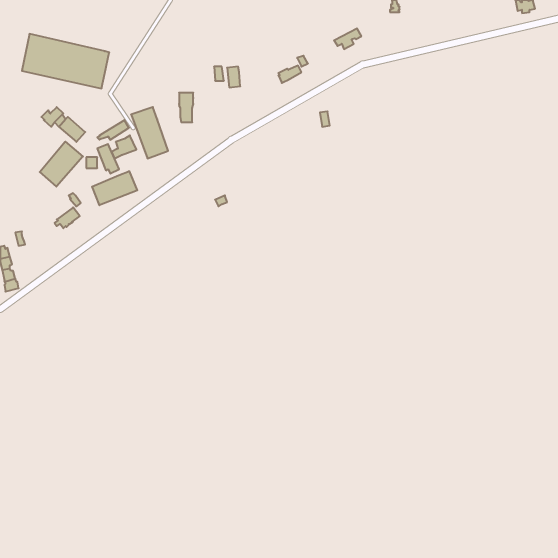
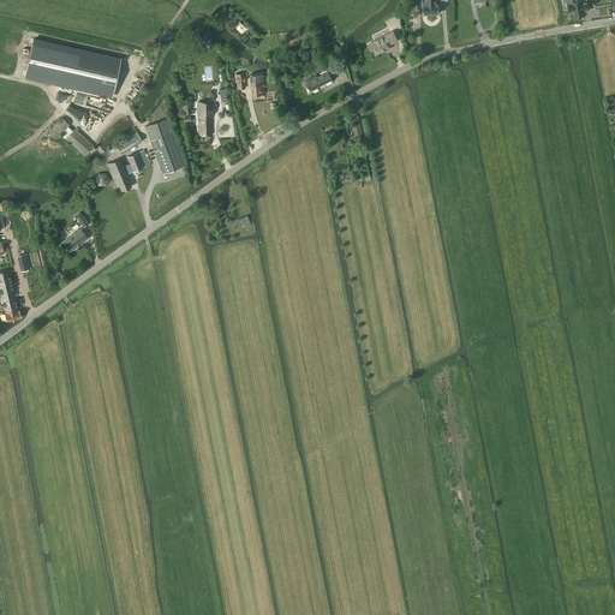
building: [40,142,83,187] -> none
building: [92,171,137,205] -> none

